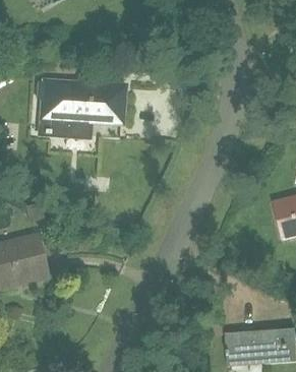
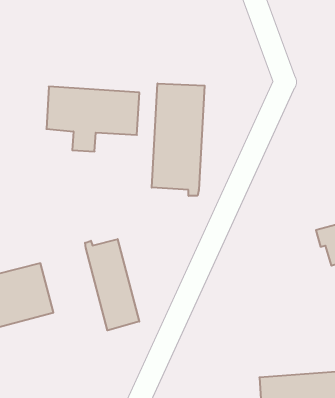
building: none -> [152,83,205,196]
building: none -> [85,239,139,330]

